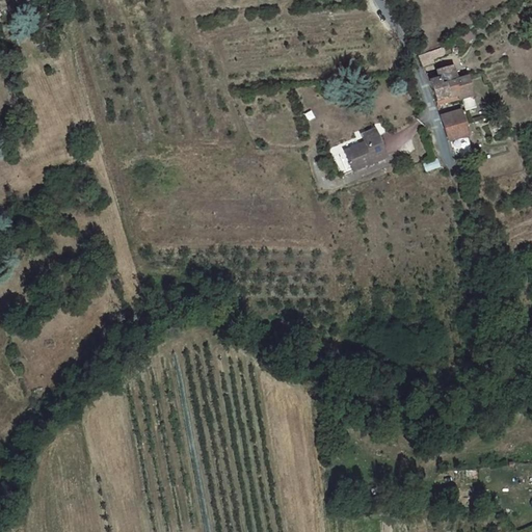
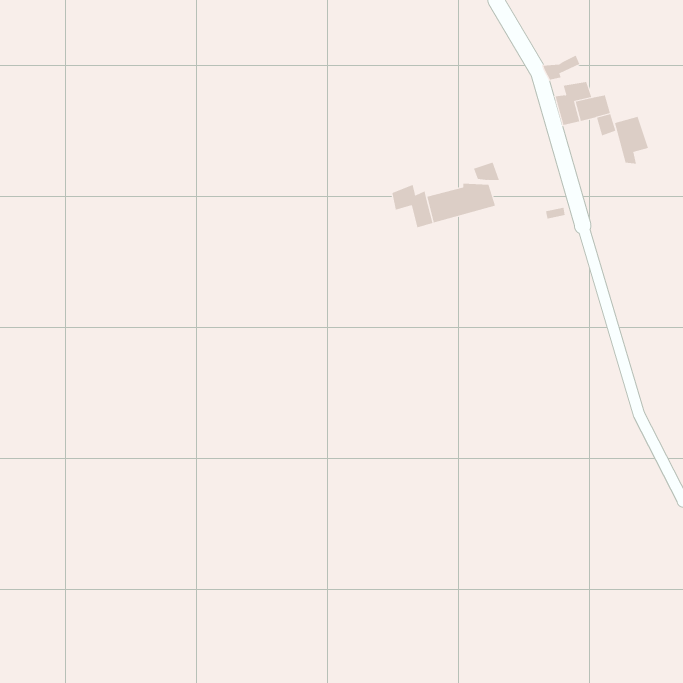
building: [443,107,470,144] -> [614,116,649,164]
building: none -> [392,184,433,228]

